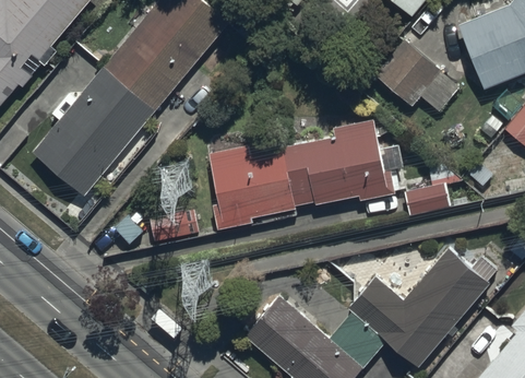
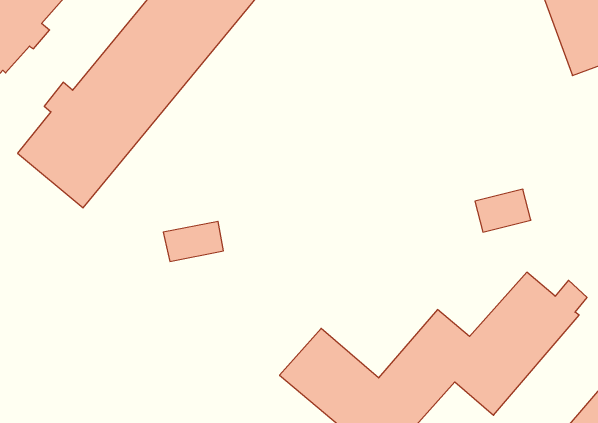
building: [371,38,458,111] -> none
building: [210,120,395,229] -> none

